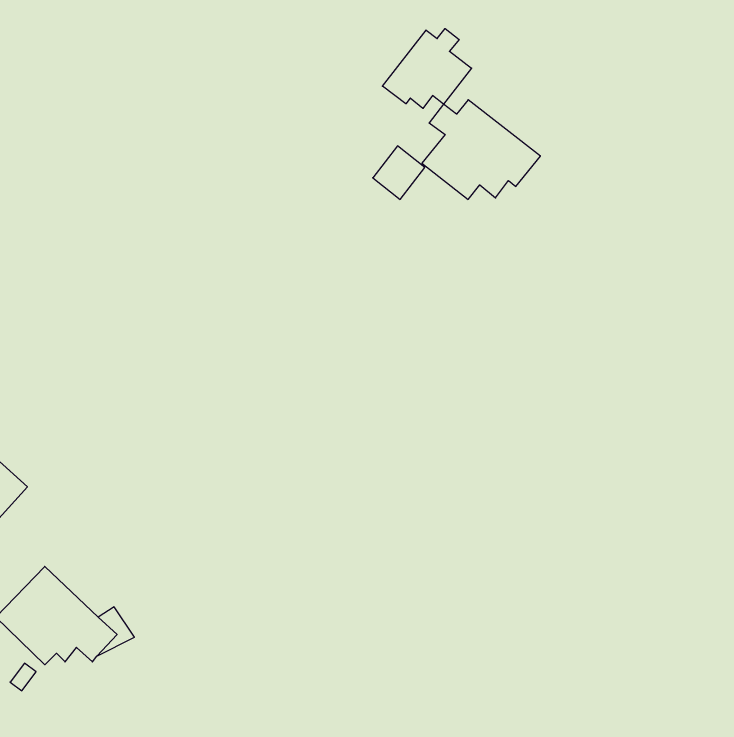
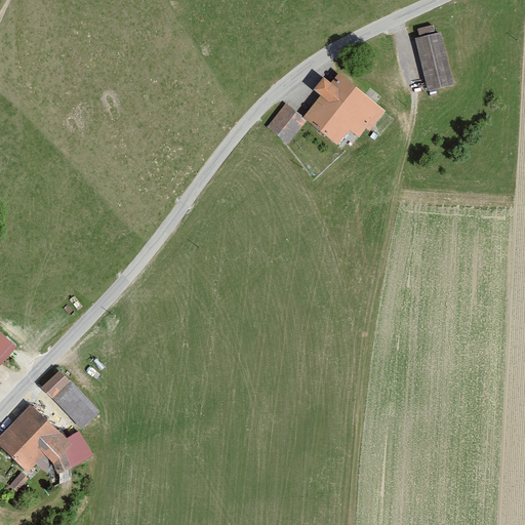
building: [382,29,472,108] -> none
building: none -> [410,32,448,90]
building: none -> [50,375,102,428]

